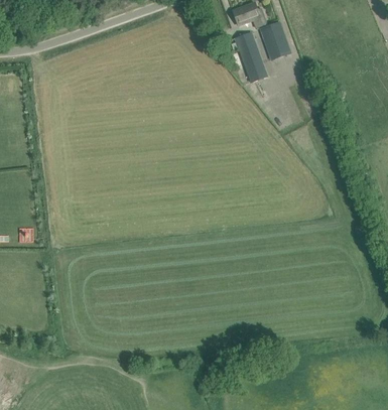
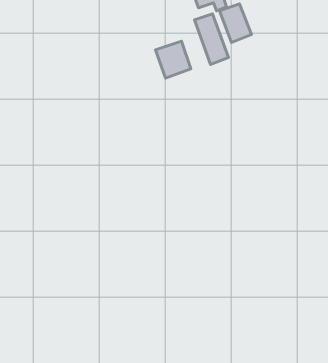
building: none -> [155,41,191,78]

